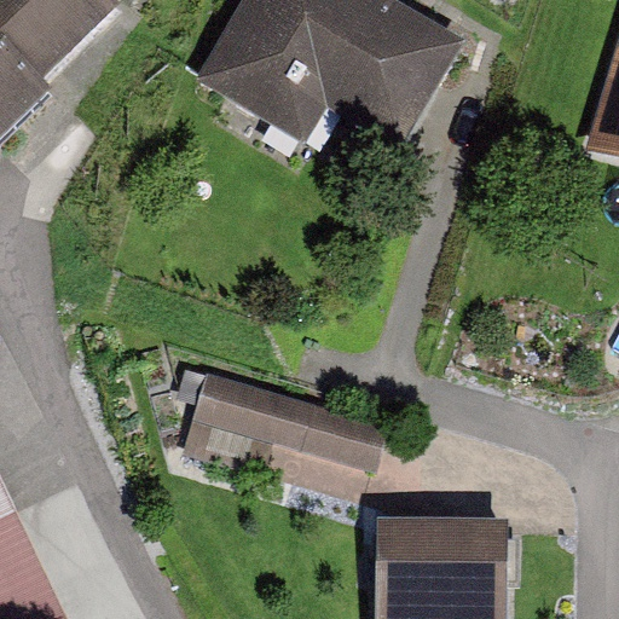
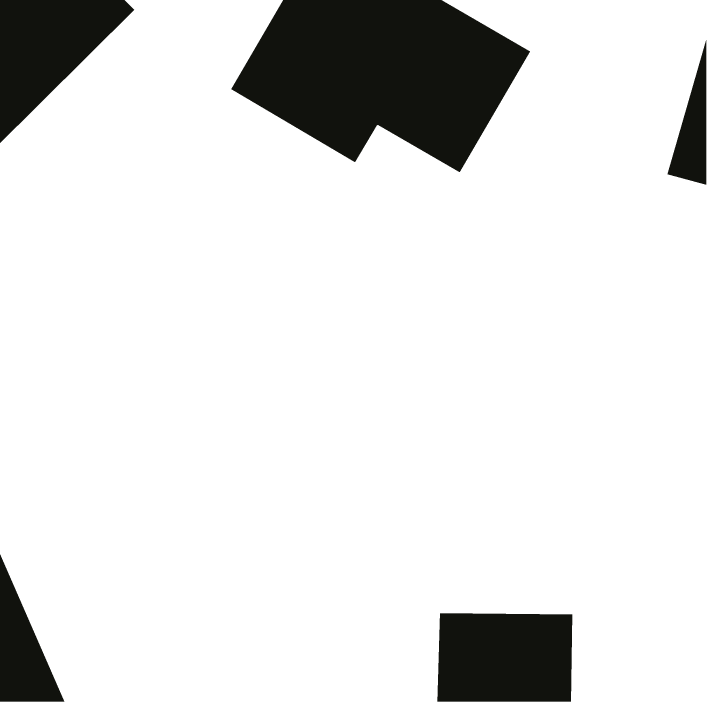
building: [185,372,381,473] -> none

